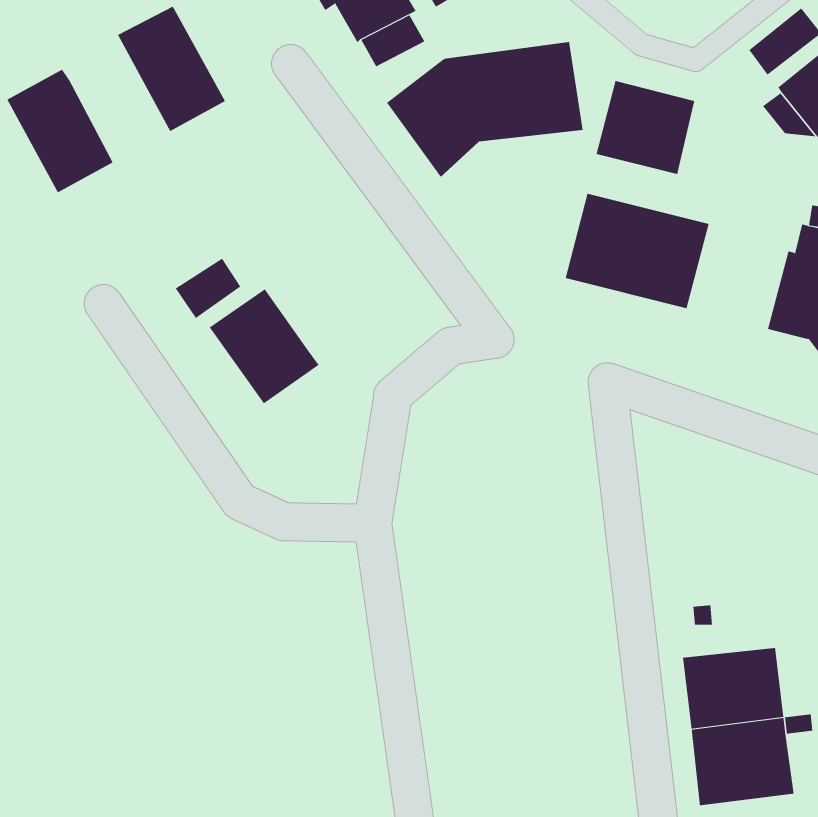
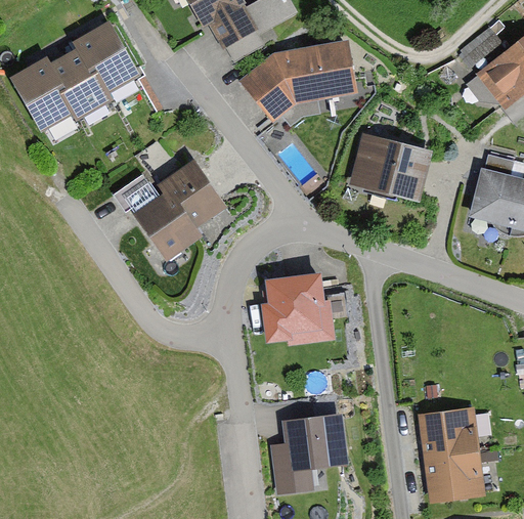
building: none -> [49,47,114,122]
building: [596,80,695,175] -> none
building: none -> [160,158,226,228]
building: none -> [261,273,336,343]
building: none -> [269,412,349,492]

